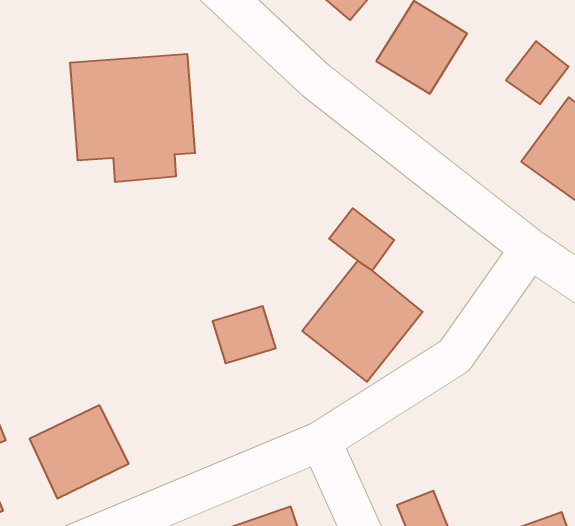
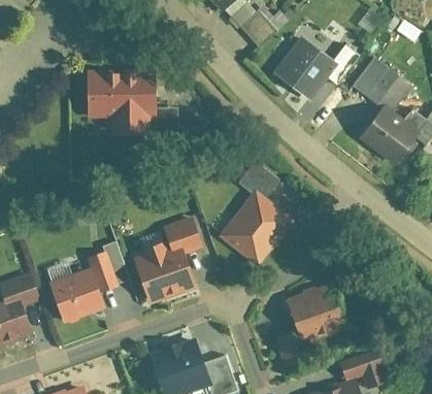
building: none -> [137,240,197,304]
building: none -> [92,247,122,284]
building: none -> [287,284,347,342]

